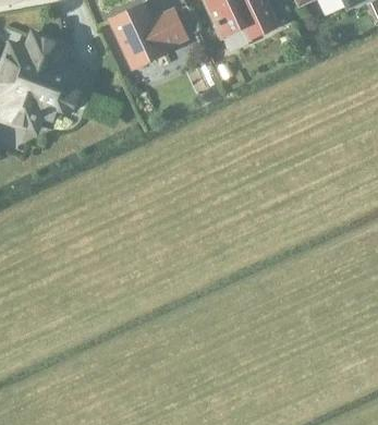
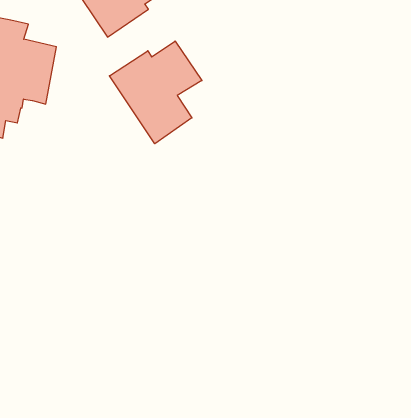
building: none -> [109,41,202,144]

